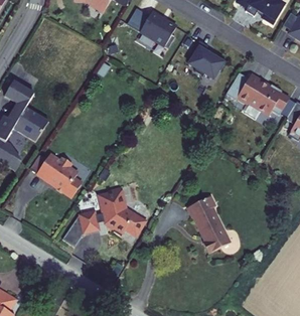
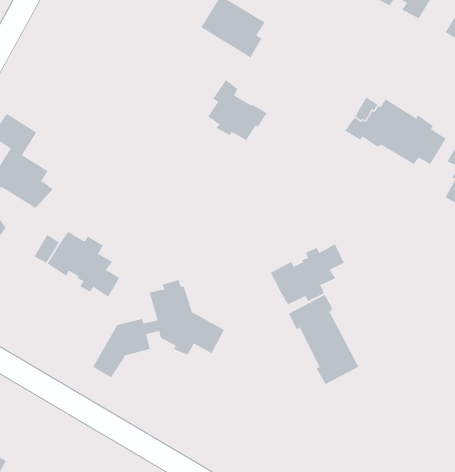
building: [187,39,224,77] -> [208,79,267,141]
building: none -> [270,244,344,305]

